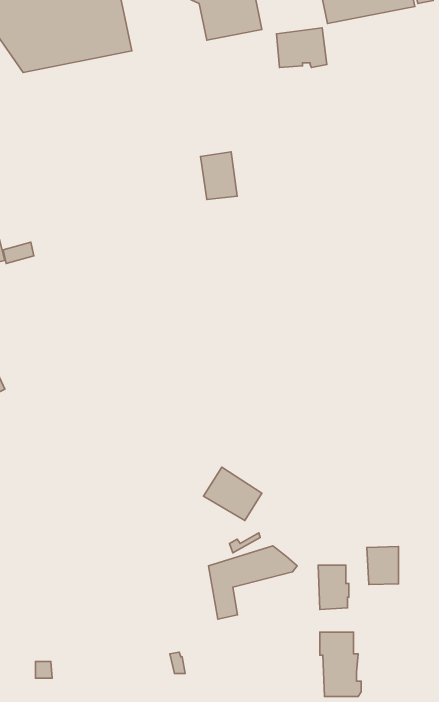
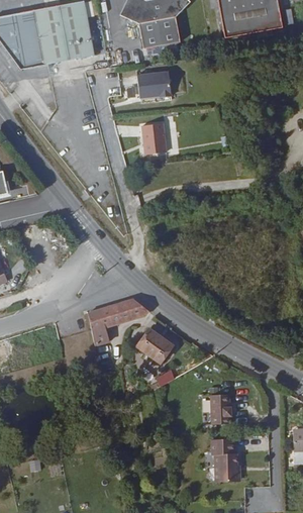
building: [276,28,327,68] -> [136,70,170,96]
building: [208,546,297,619] -> [93,297,152,345]
building: [367,546,399,585] -> none

